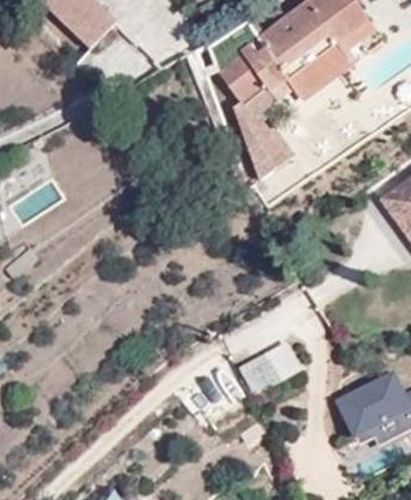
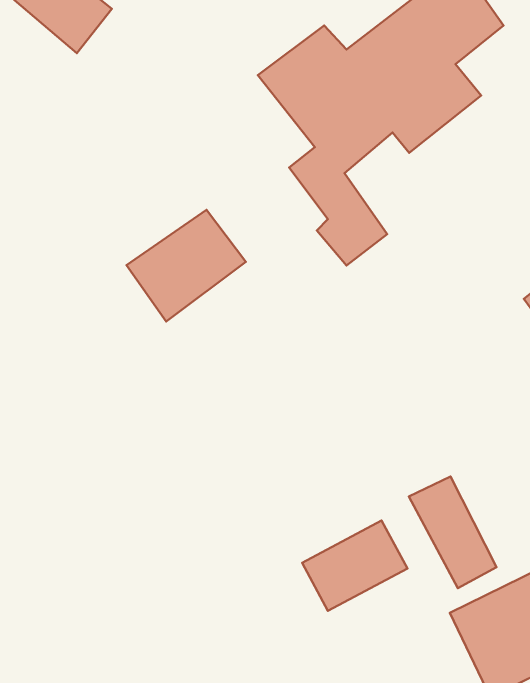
building: none -> [127,210,246,321]
building: none -> [409,477,496,588]

